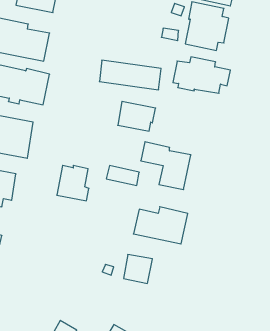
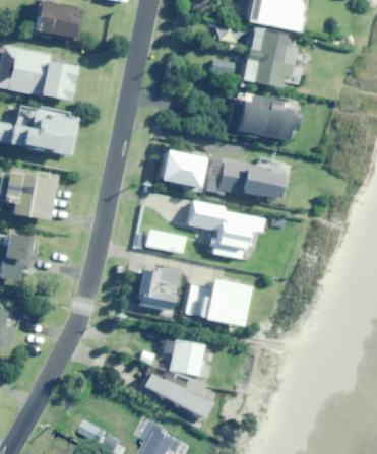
building: [99,60,161,90] -> [207,163,284,199]
building: [57,165,89,201] -> [136,268,176,312]
building: none -> [140,371,207,417]

